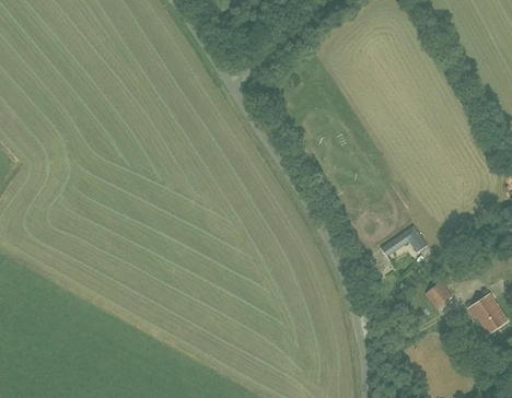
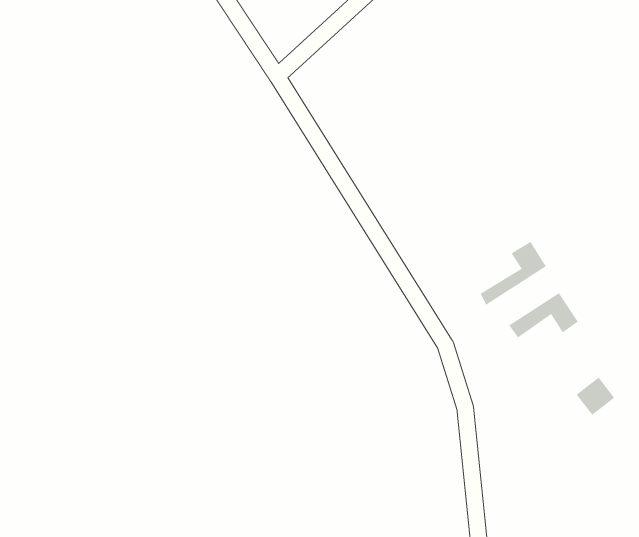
building: none -> [479,241,547,306]

